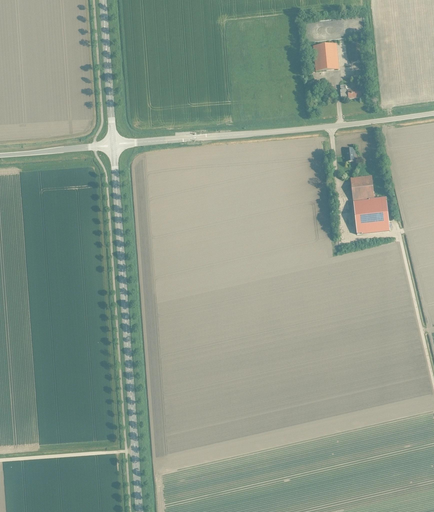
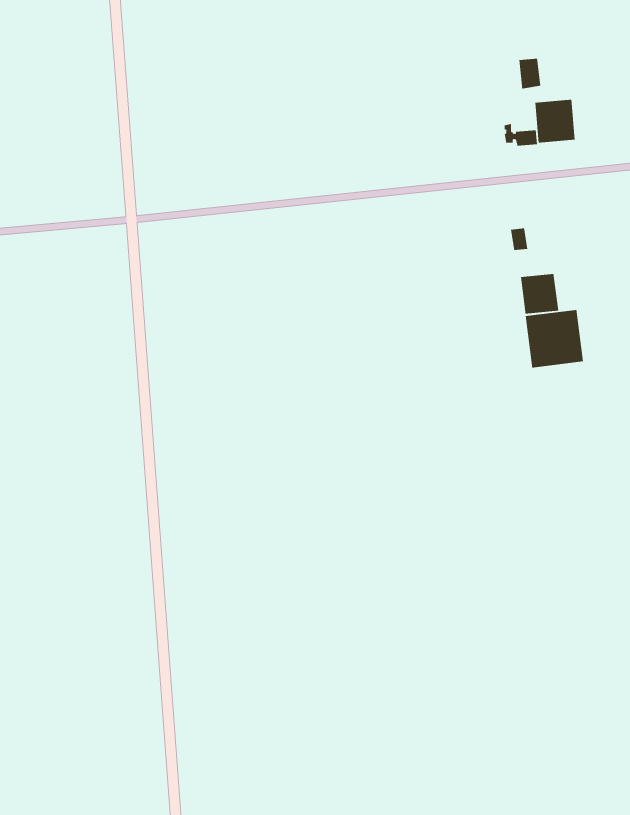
building: [314,43,339,70] -> [535,99,575,143]

